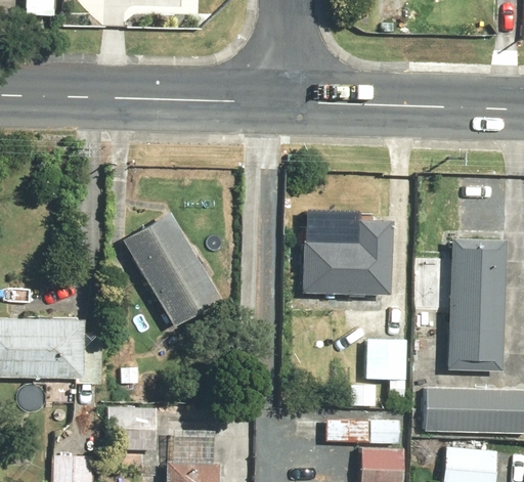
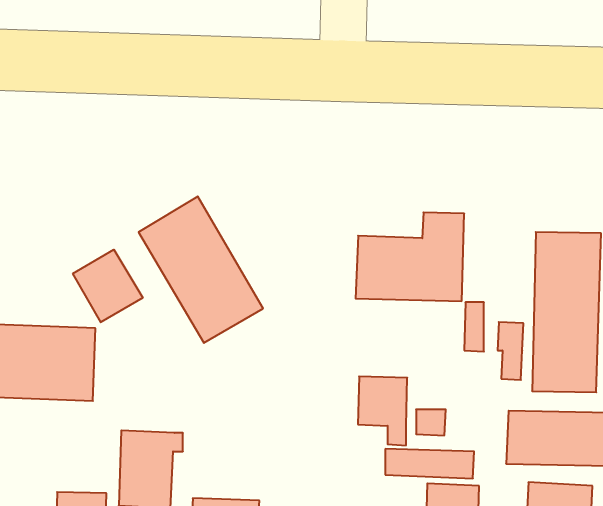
building: none -> [73,250,143,322]
building: [366,339,407,396] -> [358,376,407,445]

